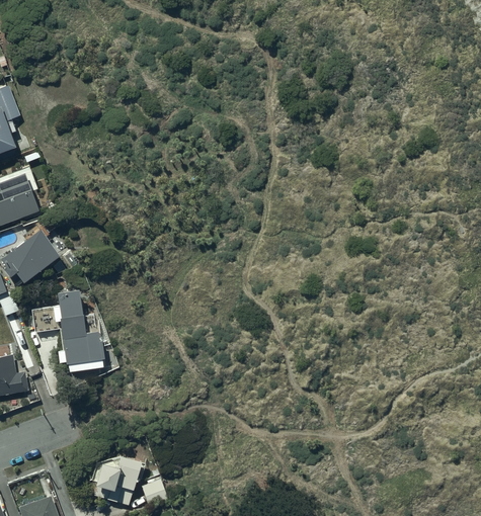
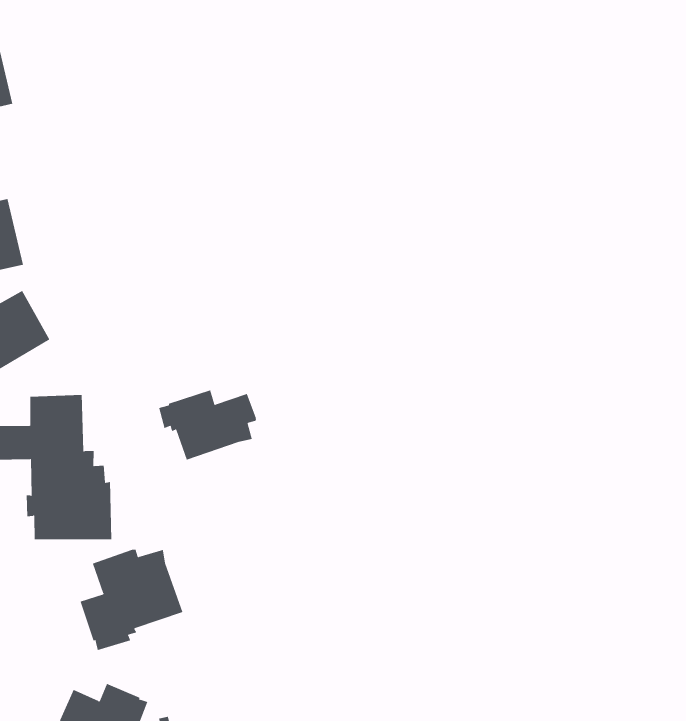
building: none -> [158,390,256,460]
building: none -> [80,549,183,651]

